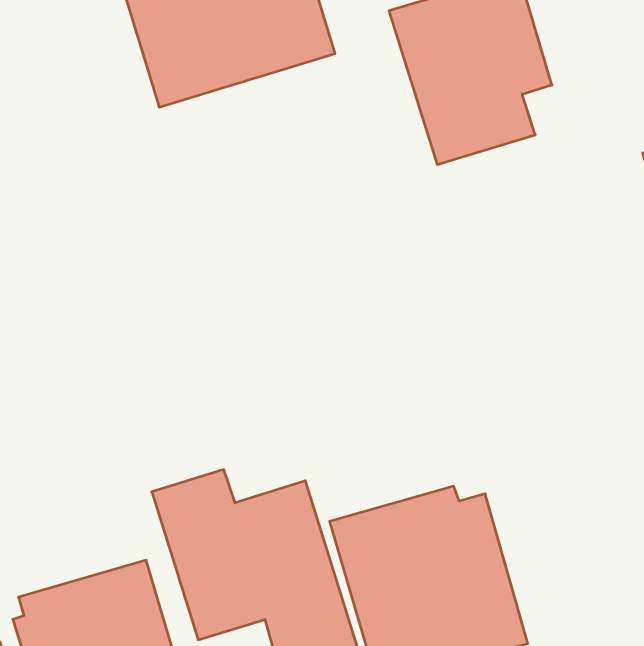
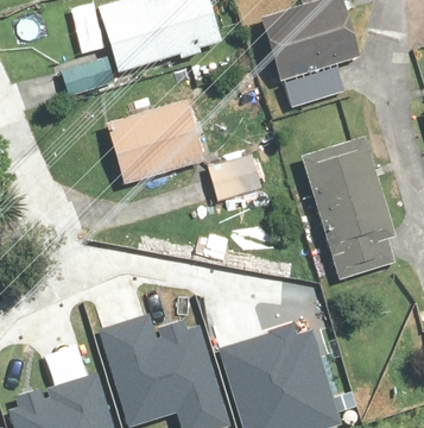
building: none -> [105,105,203,188]
building: none -> [295,146,399,284]
building: none -> [203,158,265,209]

